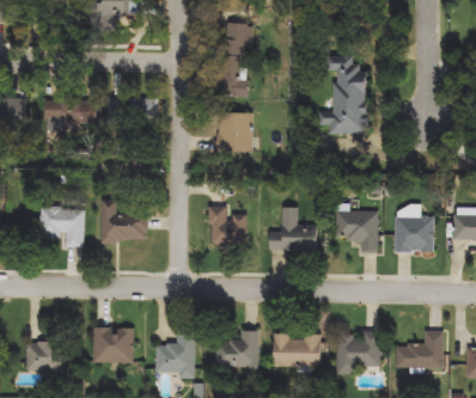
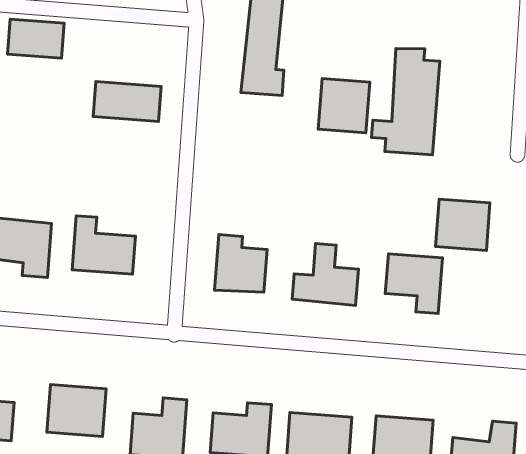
building: [55,97,96,123] -> [8,19,64,58]
building: [216,111,252,149] -> [318,79,370,133]
building: [395,215,433,251] -> [435,199,490,250]

